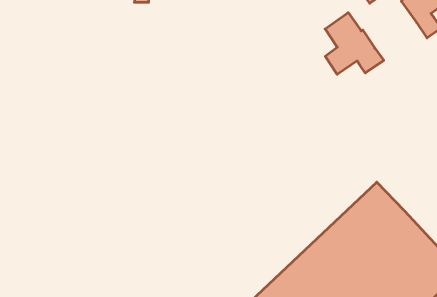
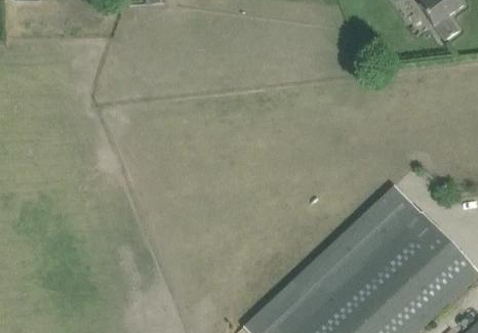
building: [325,13,384,74] -> none

